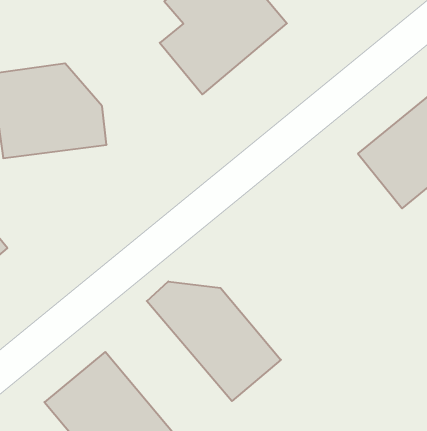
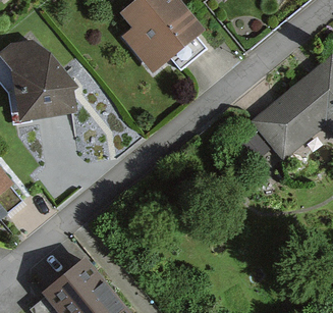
building: [147,281,281,401] -> none

